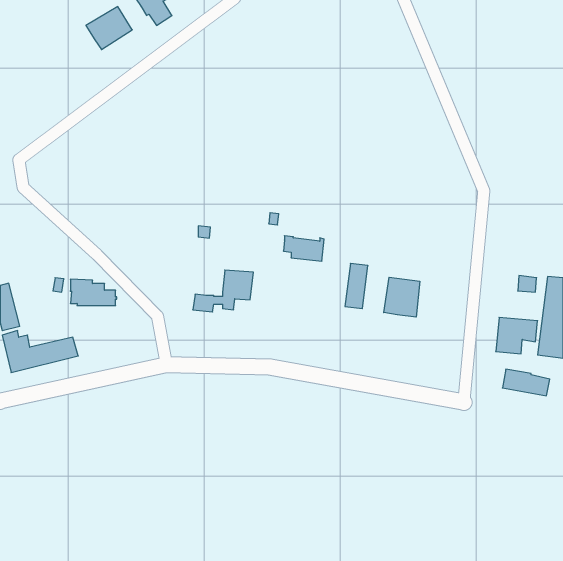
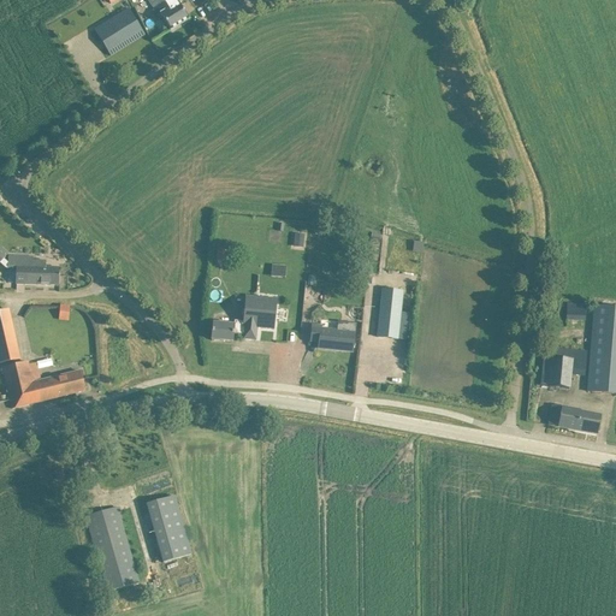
building: [283,236,324,261] -> [310,322,355,350]
building: [384,277,420,317] -> none
building: [70,279,117,306] -> [8,254,59,283]
building: none -> [147,494,190,561]
building: none -> [85,505,138,590]

